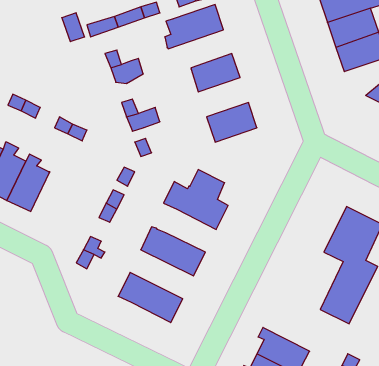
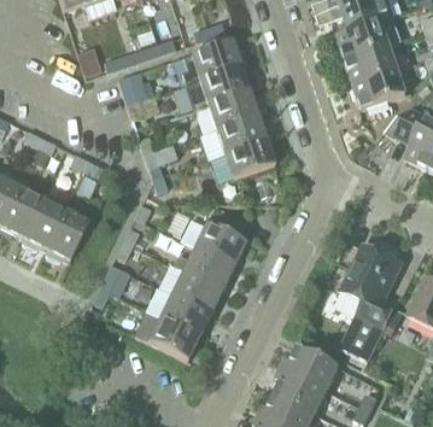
building: none -> [185,64,248,109]
building: none -> [215,112,265,152]
building: none -> [46,197,89,259]
building: none -> [174,245,233,288]
building: none -> [146,286,210,335]
building: none -> [280,344,339,388]

